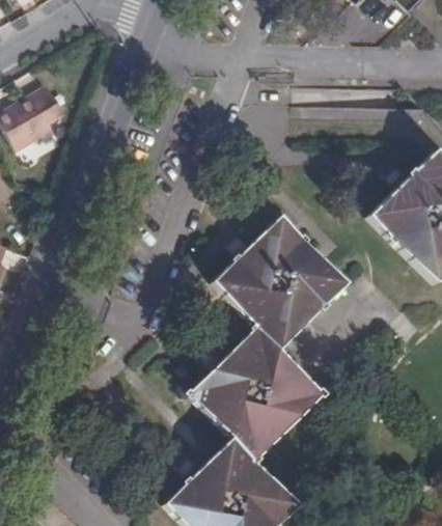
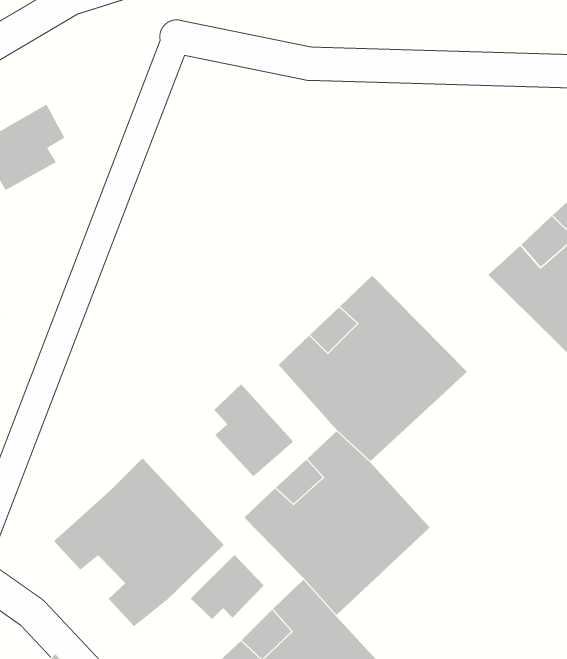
building: none -> [213,384,294,477]
building: none -> [53,457,225,627]
building: none -> [190,554,264,620]

